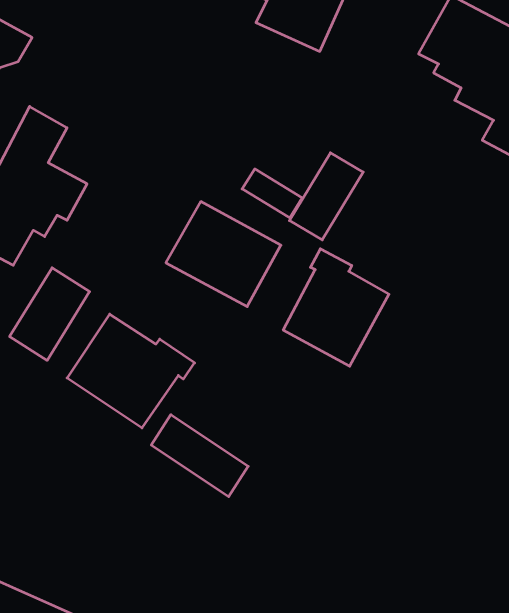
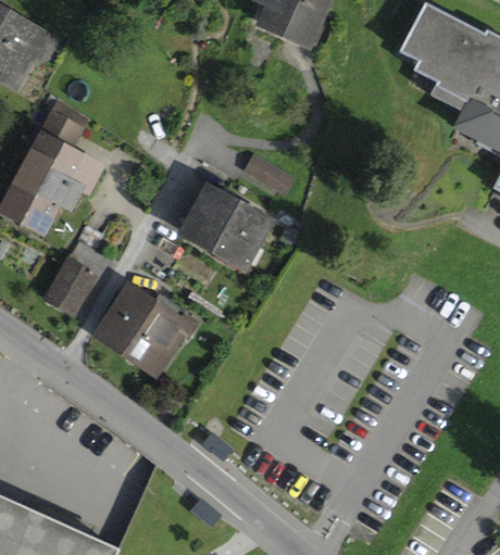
building: [289,153,363,240] -> none
building: [283,249,389,366] -> none
building: [151,415,248,497] -> none

